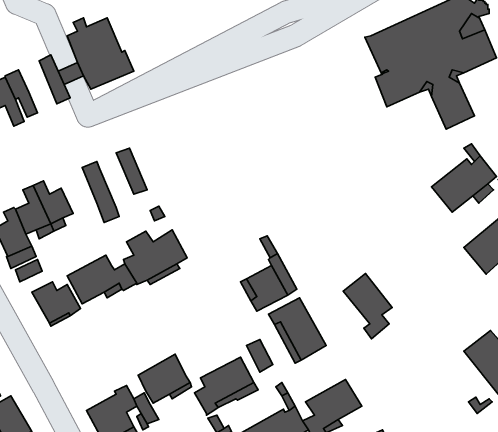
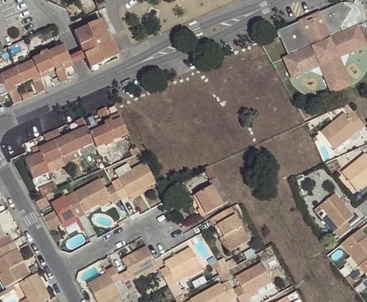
building: none -> [40,47,68,81]
building: none -> [96,107,119,146]
building: none -> [70,118,94,150]
building: [343,273,392,339] -> [320,193,353,237]

